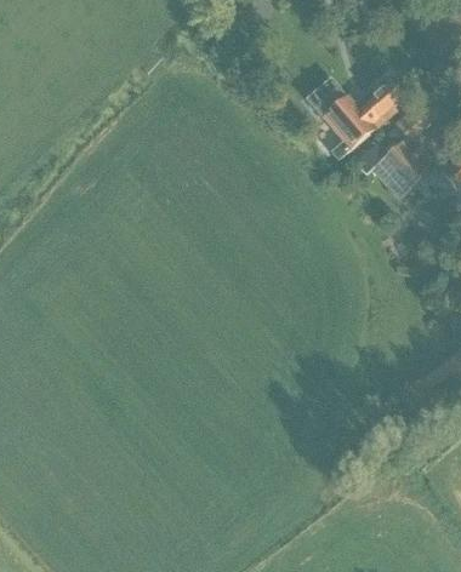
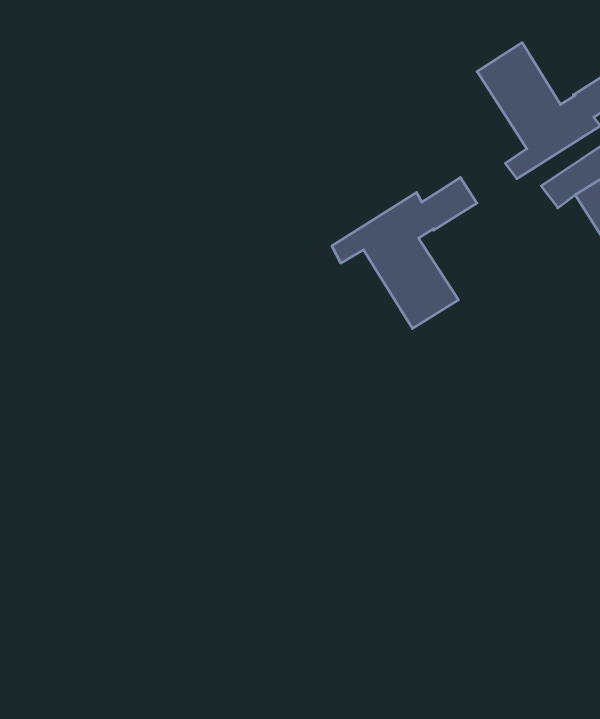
building: none -> [332,177,477,329]

